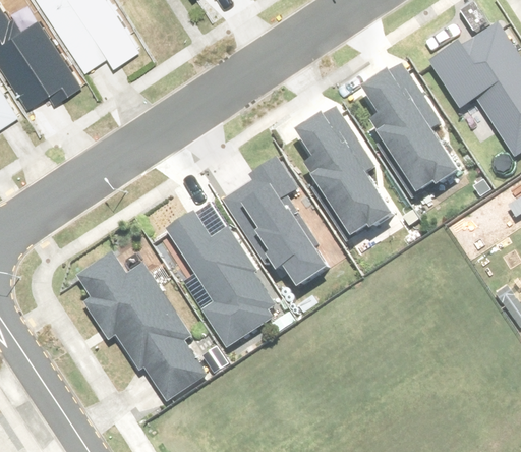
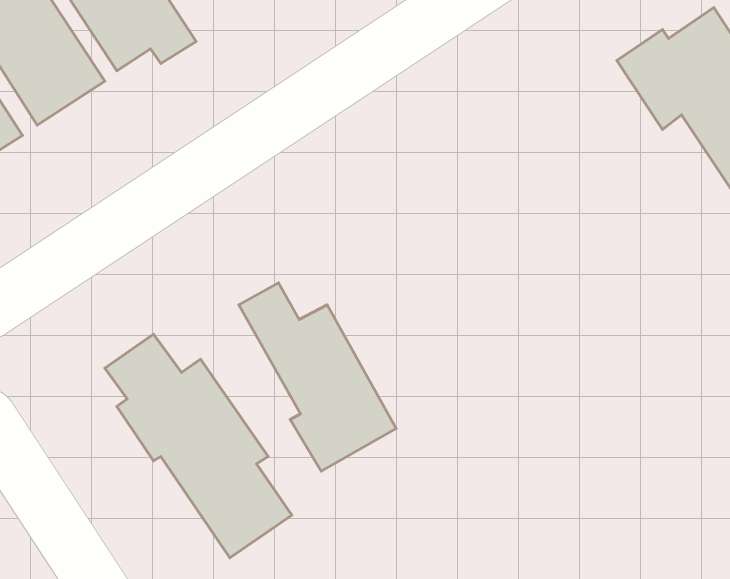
building: [359,65,457,203] -> none
building: [293,109,398,247] -> none
building: [221,156,325,289] -> none

